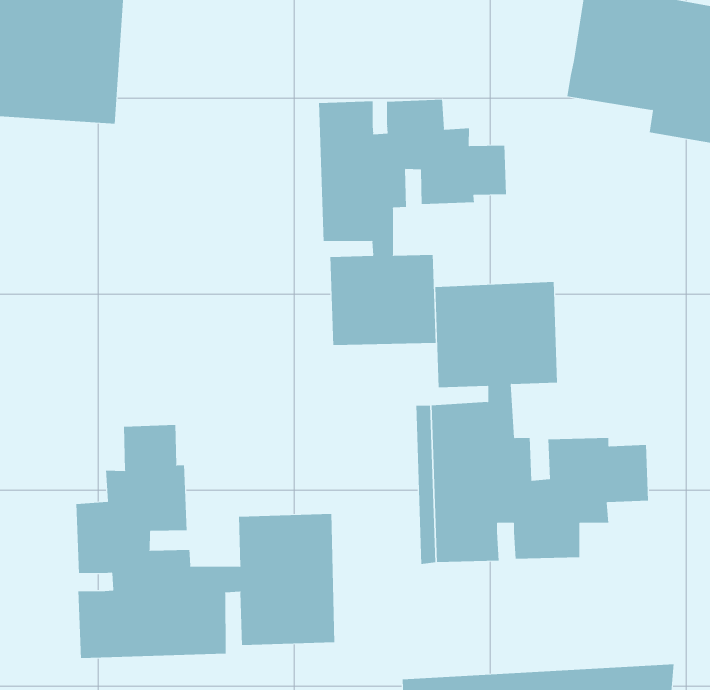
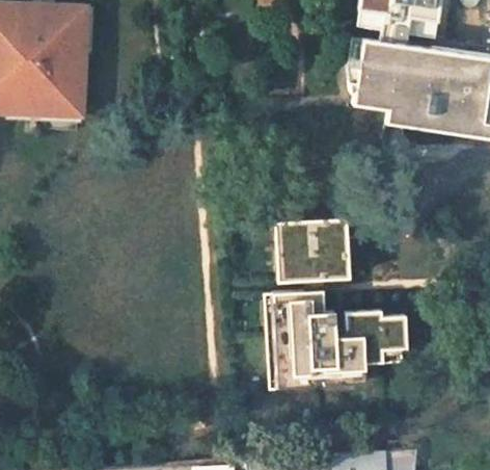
building: [318,99,506,346] -> none
building: [76,424,335,659] -> none

